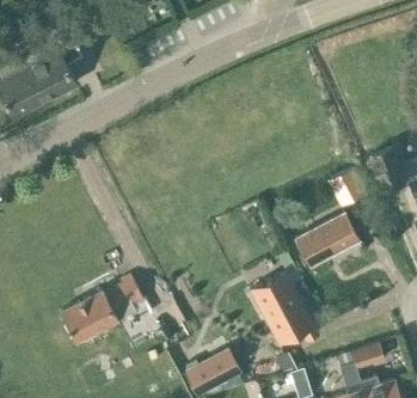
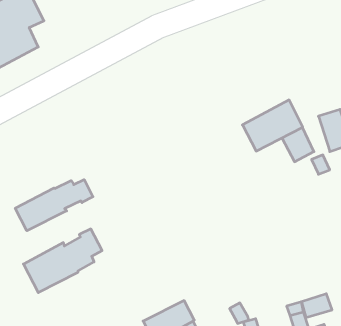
building: [296,213,360,267] -> [242,100,303,151]
building: none -> [15,180,93,231]
building: [251,271,317,344] -> none

